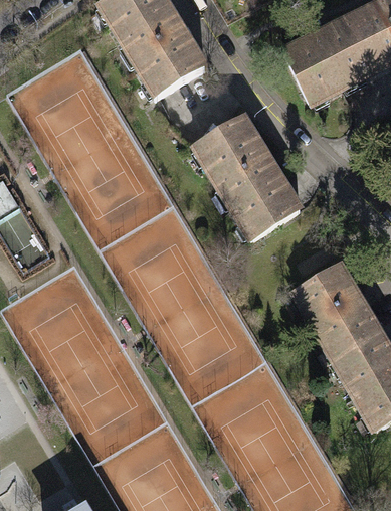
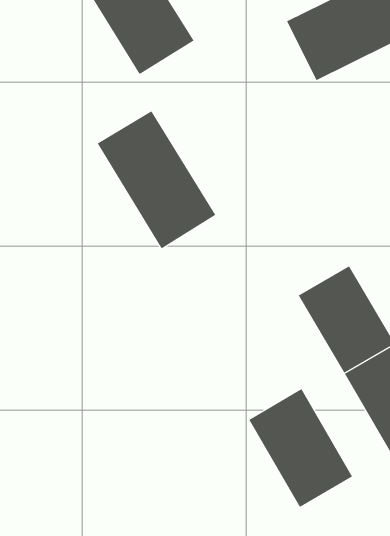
building: [195,115,300,236] -> [97,110,216,249]
building: none -> [248,388,353,508]

